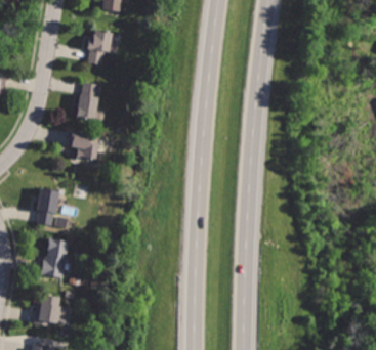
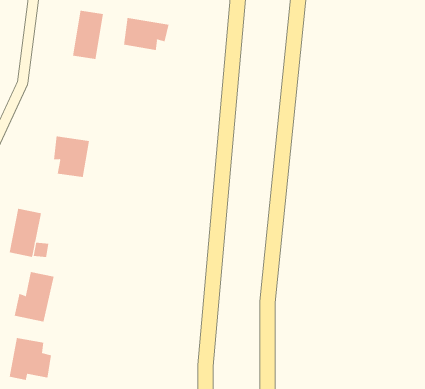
building: none -> [123,17,169,51]
building: [74,82,103,123] -> none

